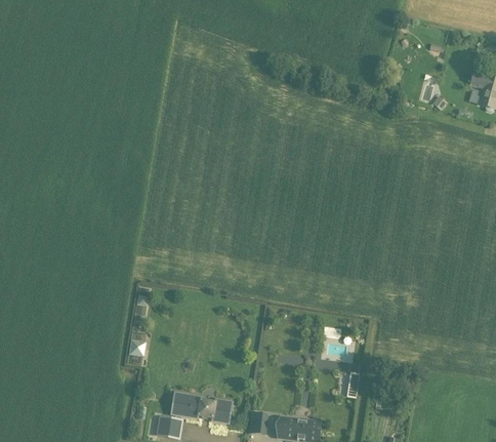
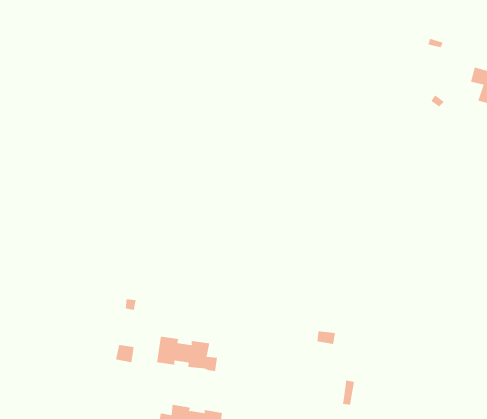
building: none -> [156,336,217,372]

